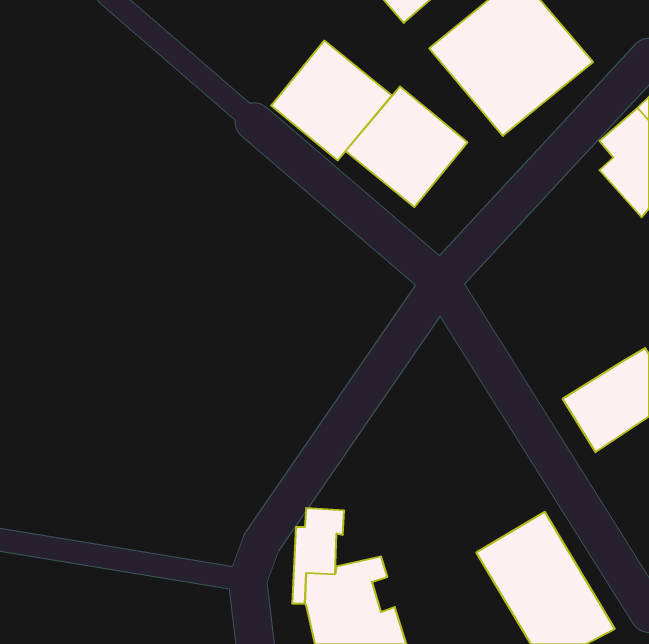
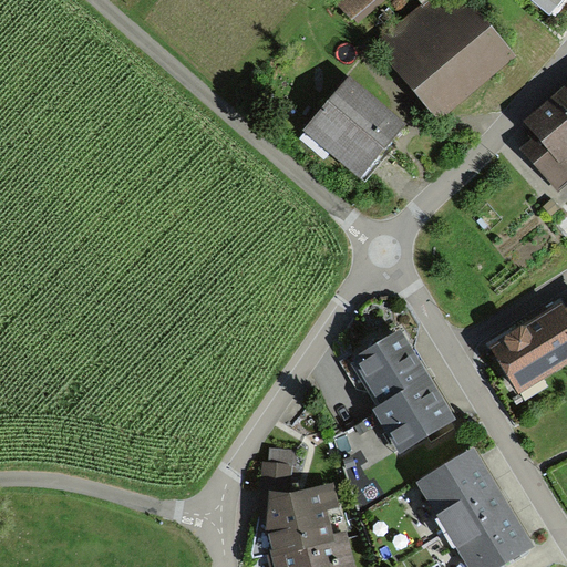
building: [271,41,392,160] -> none
building: none -> [350,329,457,455]

